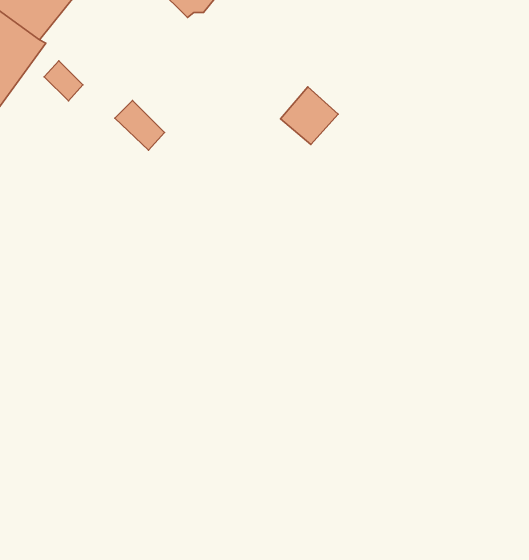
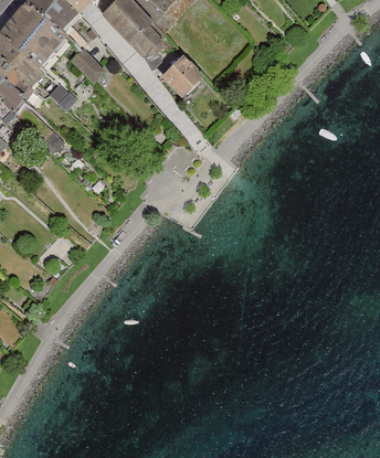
building: [280,87,338,145] -> [161,55,201,95]
building: [115,100,165,150] -> [71,50,105,84]

